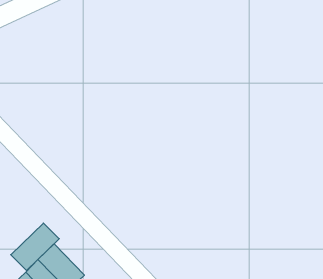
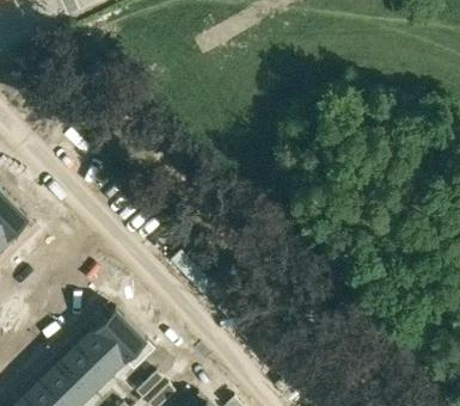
building: [11,223,59,270] -> none

